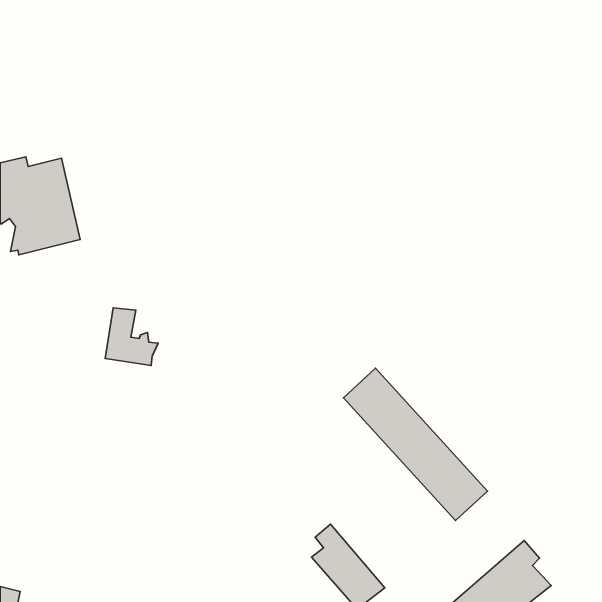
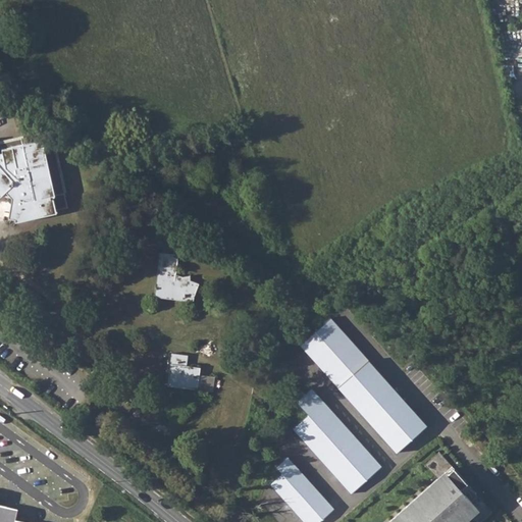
building: [105,308,158,366] -> [155,253,201,303]
building: none -> [169,354,216,393]
building: none -> [291,387,379,492]

